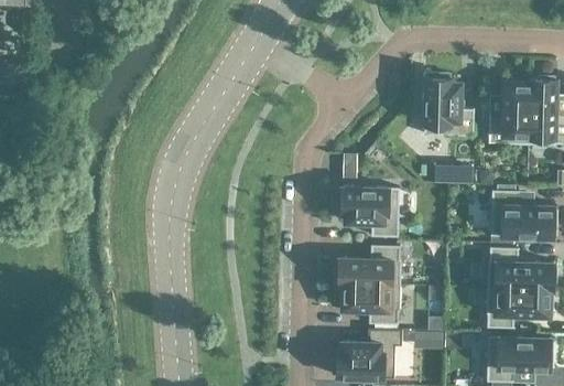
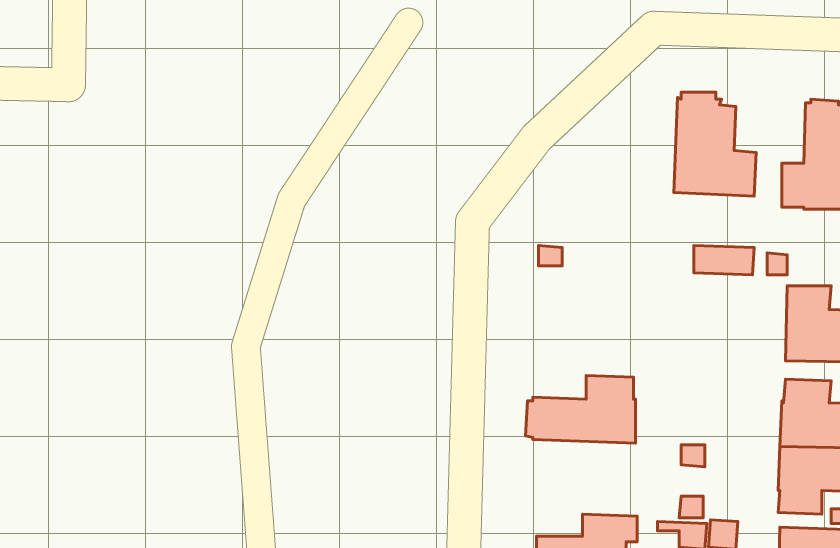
building: [337,186,399,237] -> none
building: [335,283,401,324] -> none

